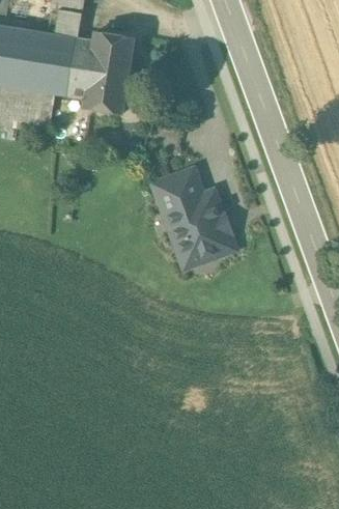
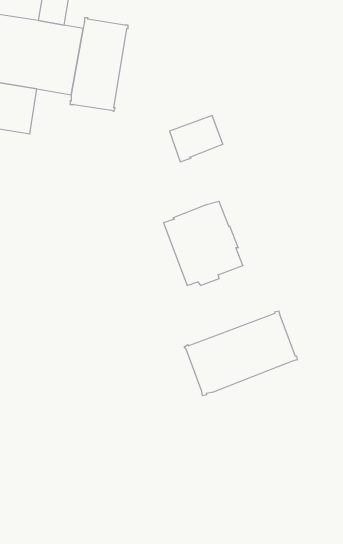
building: [154,169,201,209] -> [170,116,223,162]
building: none -> [184,311,297,396]

